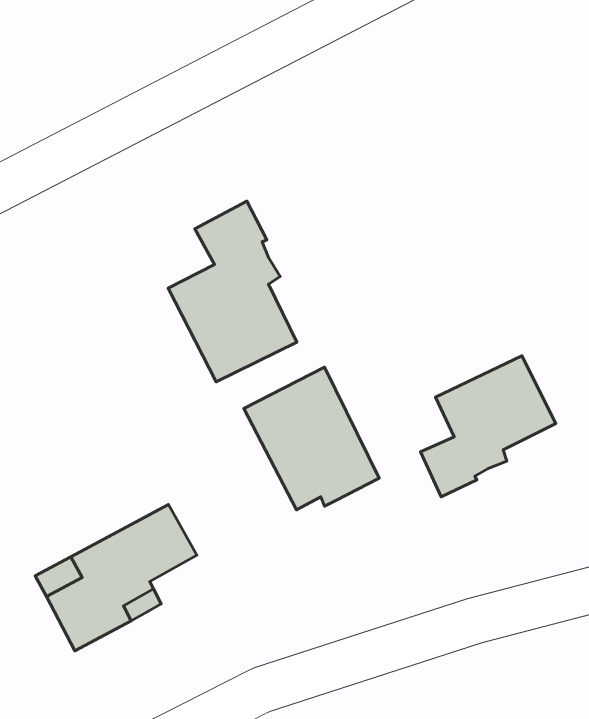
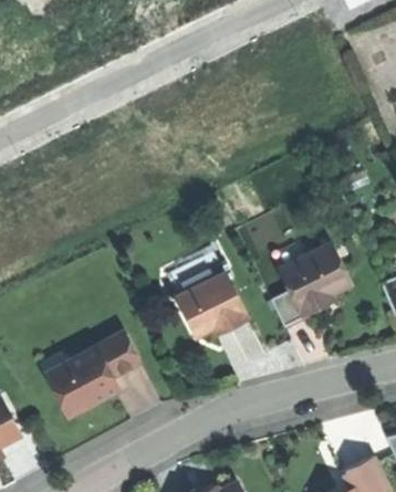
building: [168,201,297,382] -> none

